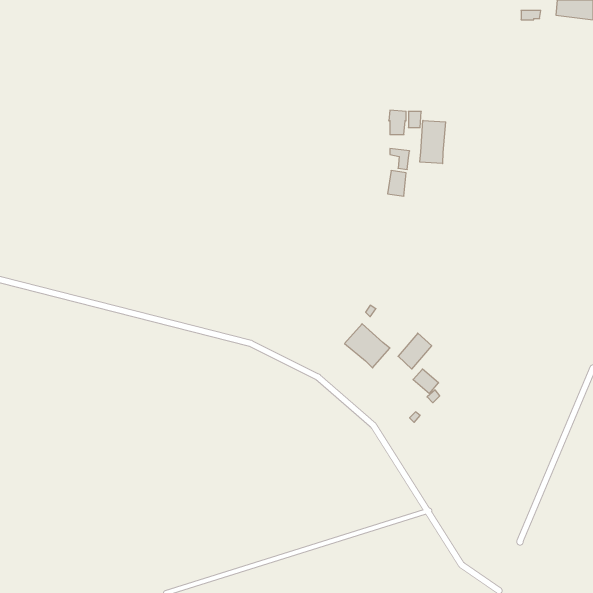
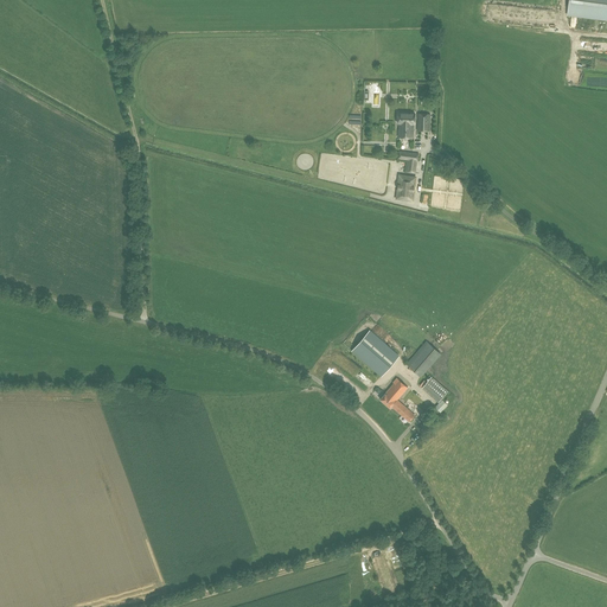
building: [420,120,446,164] -> none
building: none -> [381,378,415,421]

